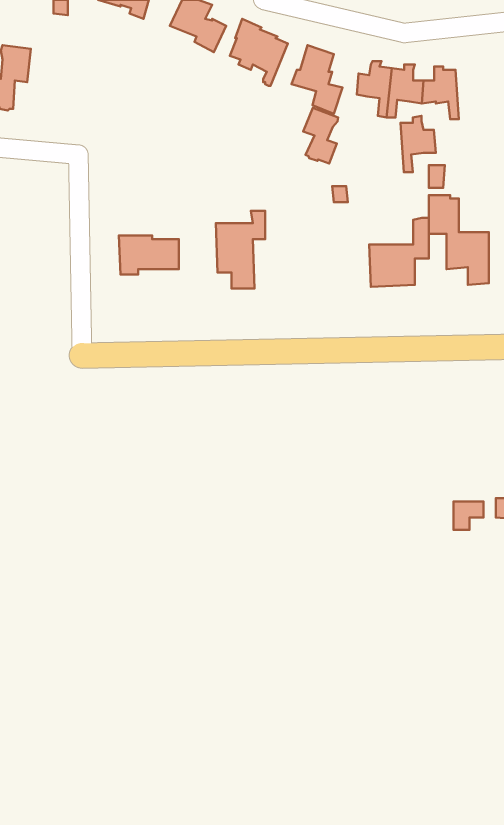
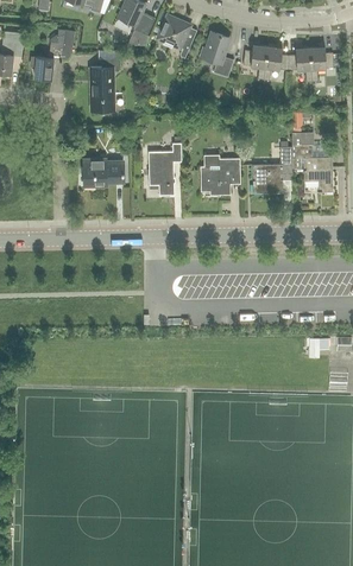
building: none -> [30,28,64,80]
building: none -> [90,58,118,110]
building: [303,108,338,164] -> none
building: [400,116,436,172] -> [309,43,333,81]
building: none -> [200,154,239,193]

